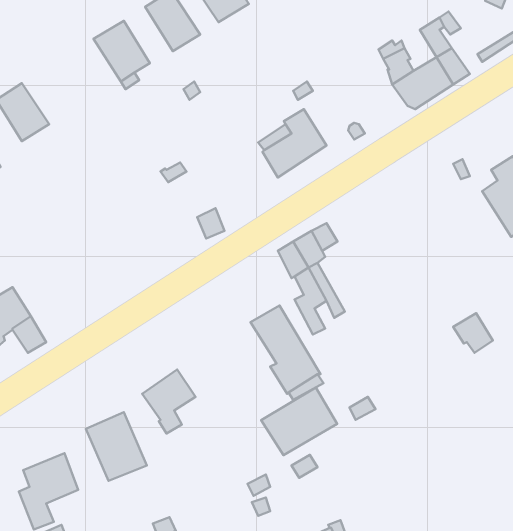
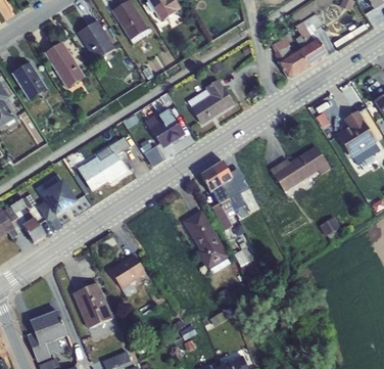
building: none -> [44,40,85,88]
building: none -> [145,106,186,147]
building: none -> [77,143,127,190]
building: none -> [269,144,330,191]
building: none -> [39,178,77,217]
building: [261,388,337,455] -> none

